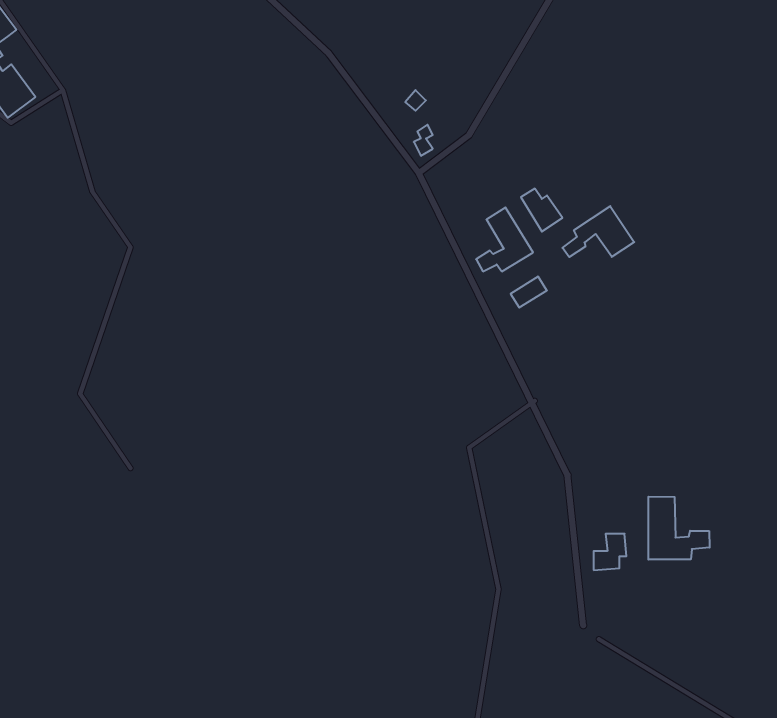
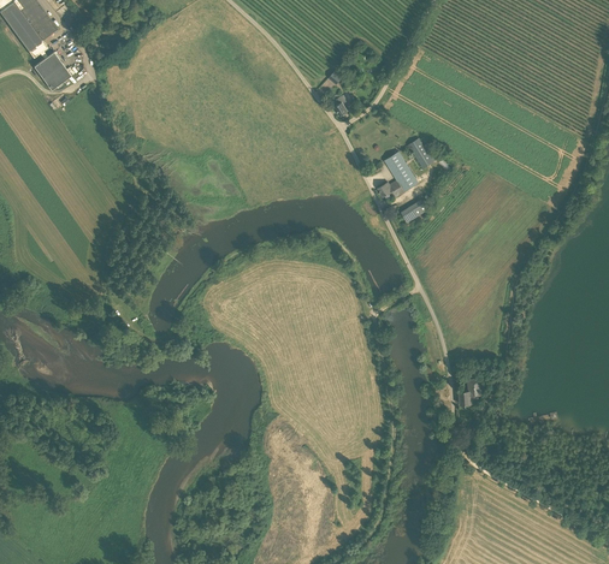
building: [562,206,634,257] -> none
building: [648,497,710,560] -> none

